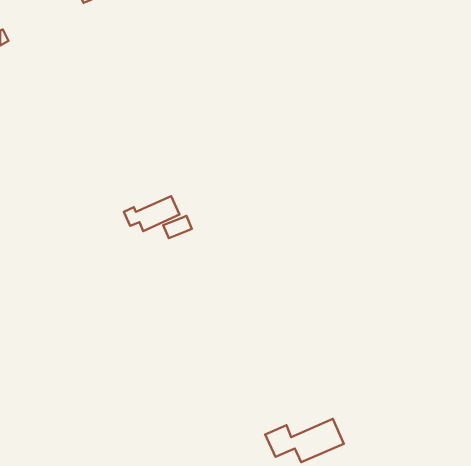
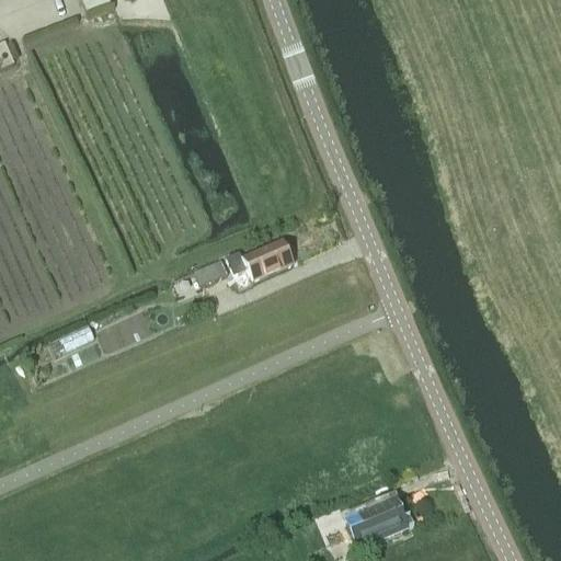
building: [124,196,179,231] -> [229,238,295,279]

